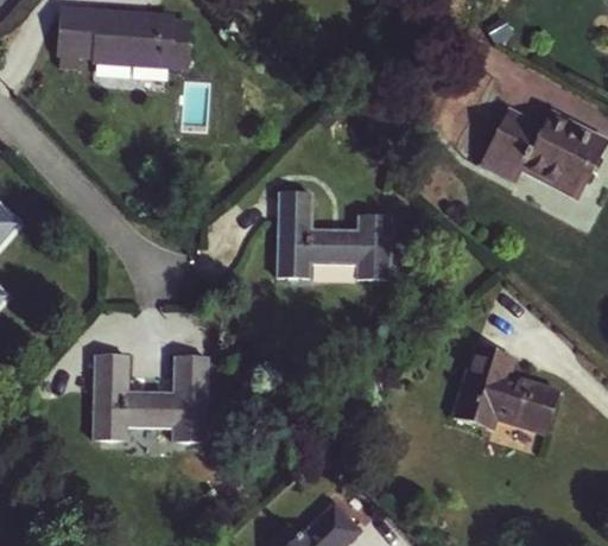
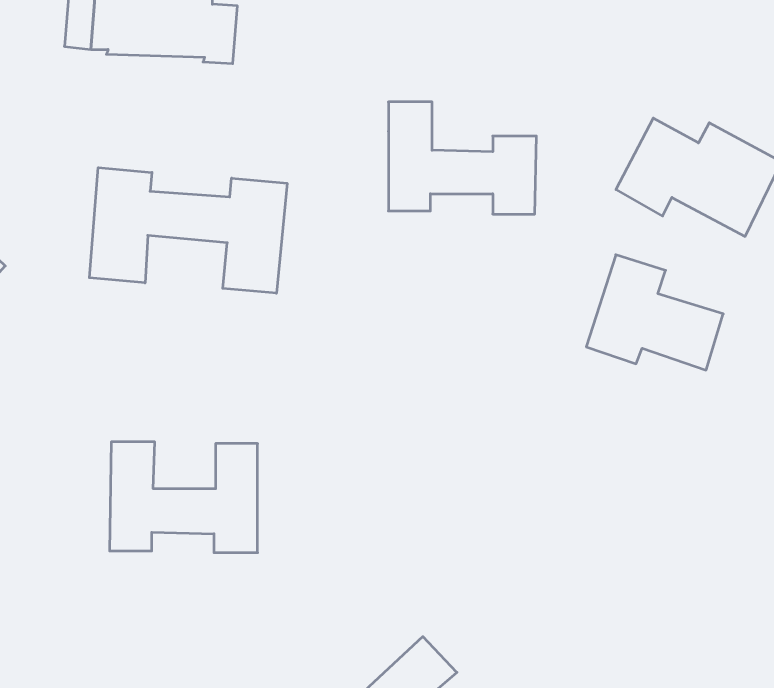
building: none -> [89,168,287,293]
building: [278,192,391,278] -> [388,102,536,214]
building: [452,345,557,433] -> [586,255,723,370]

